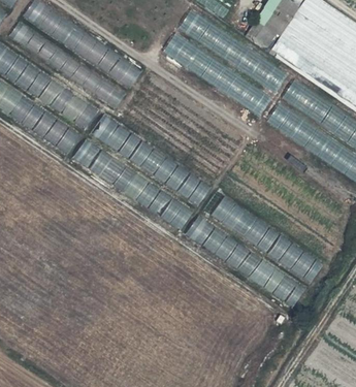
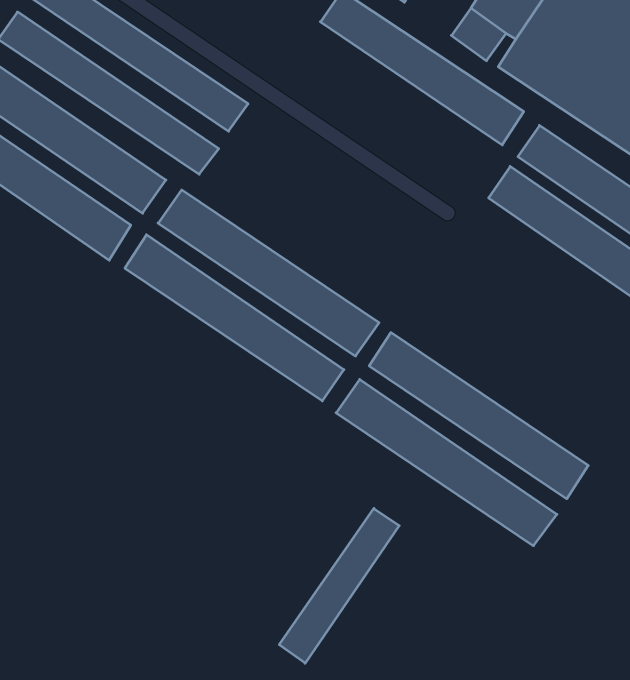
building: [165,34,272,116] -> none
building: none -> [279,508,399,663]

